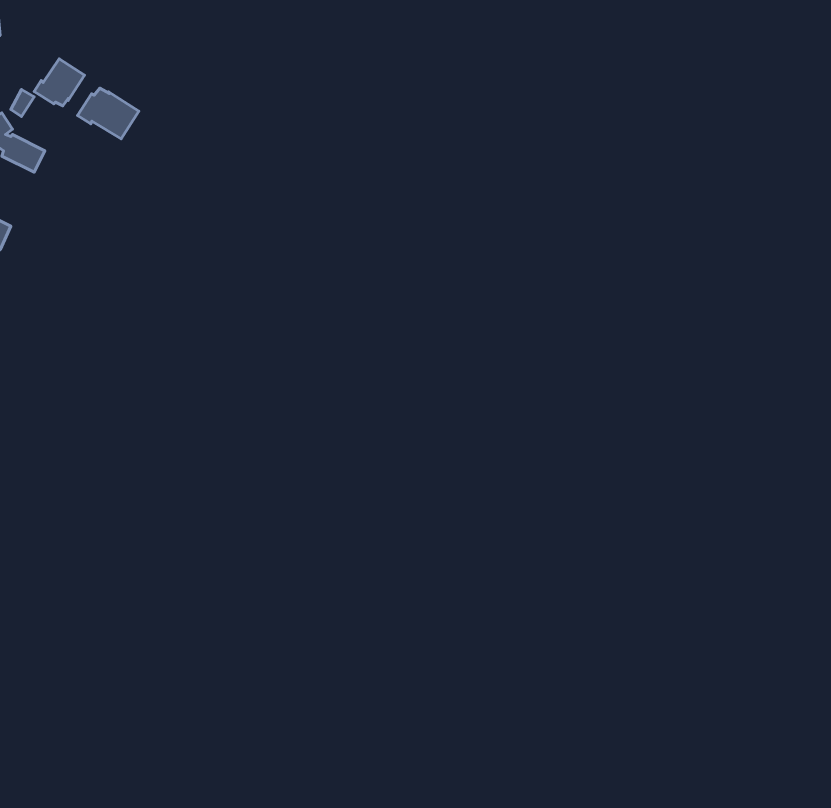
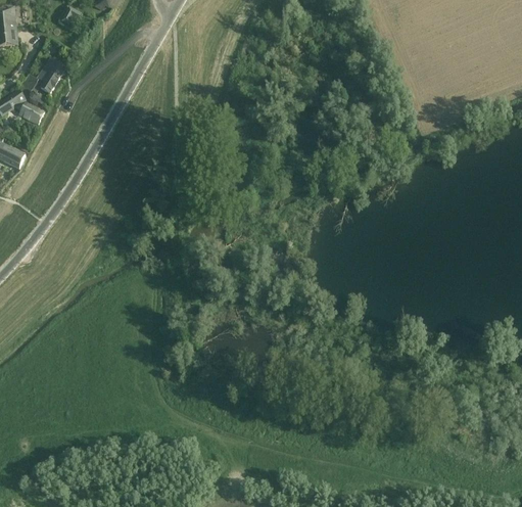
building: [78,88,139,139] -> none

